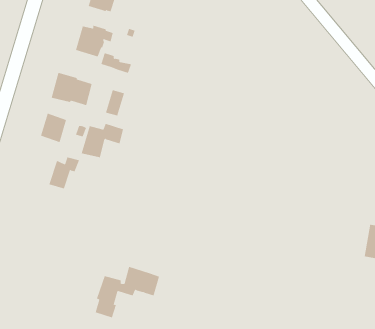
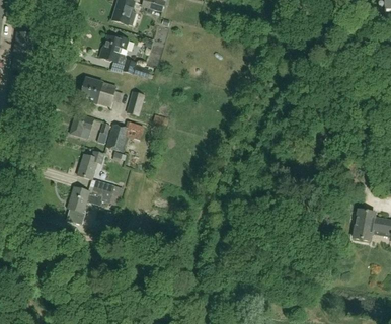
building: [95,266,160,318] -> [66,178,123,224]

